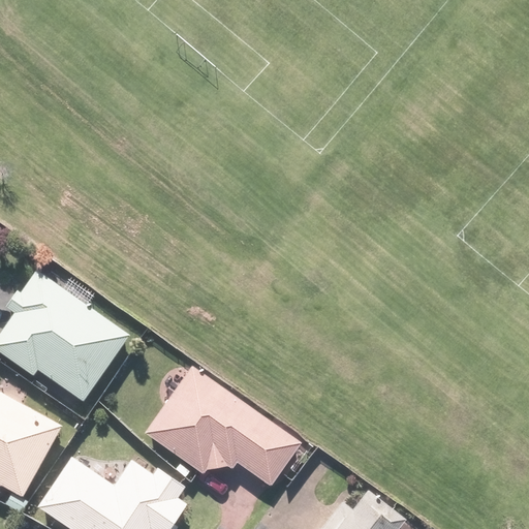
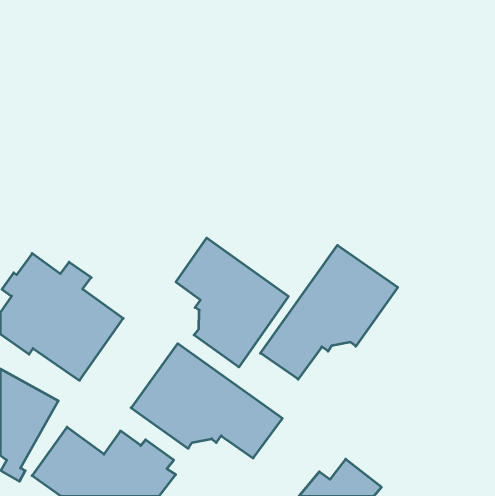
building: none -> [176,238,288,367]
building: none -> [260,245,398,379]

